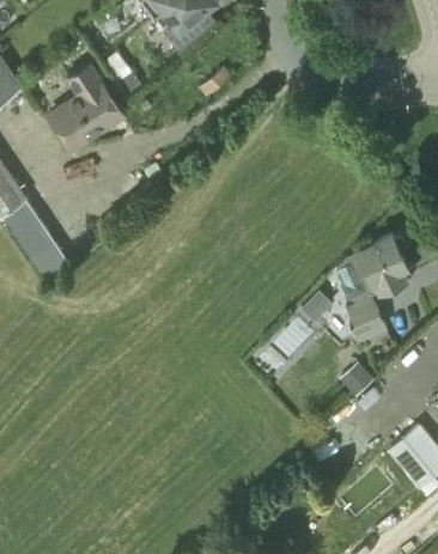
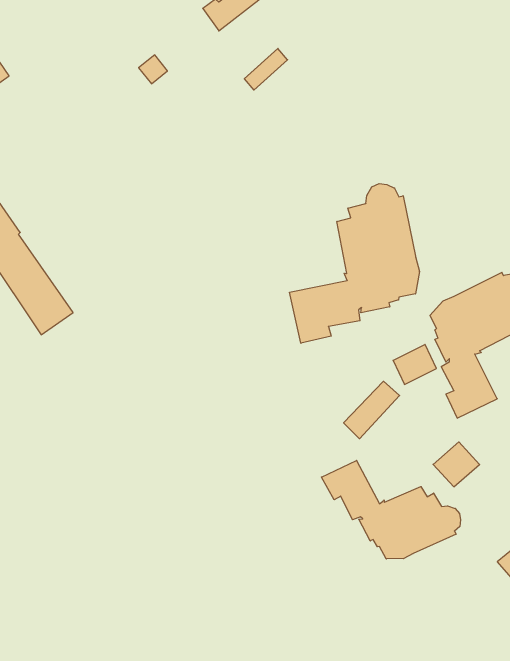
building: [47,62,121,150] -> none
building: none -> [290,184,419,343]
building: none -> [321,460,461,559]

